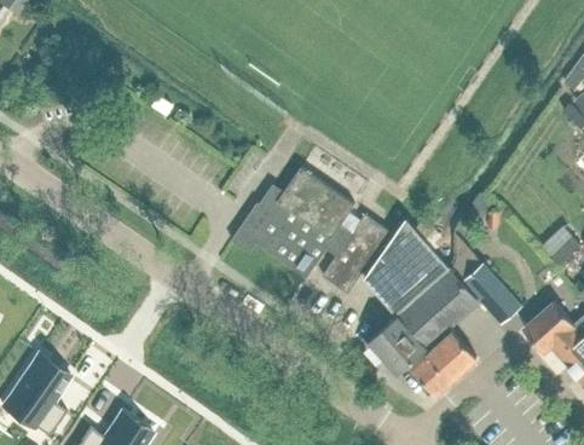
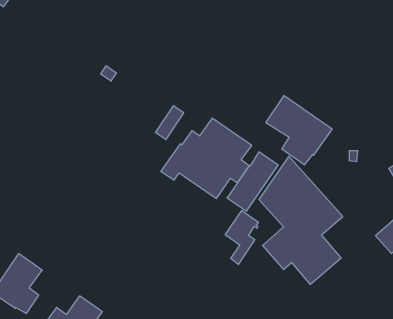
building: none -> [266,96,332,165]
building: [463,264,524,326] -> none
building: none -> [225,210,258,265]

